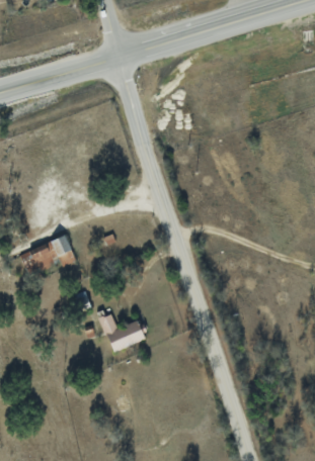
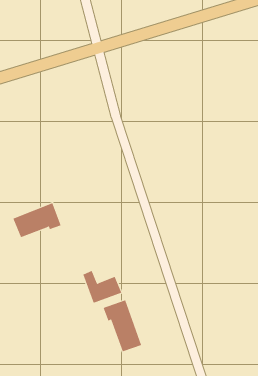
building: none -> [103,299,142,352]

